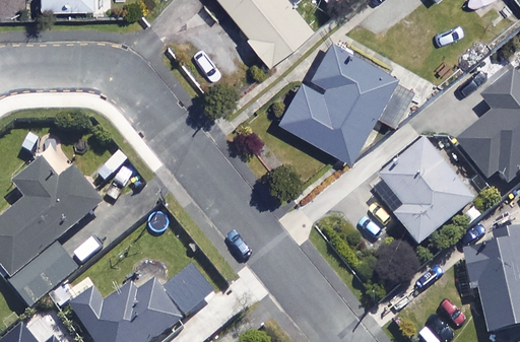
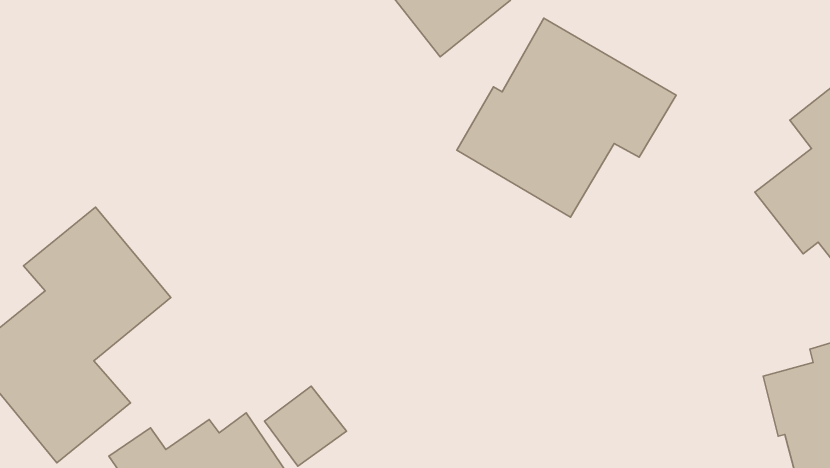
building: [381,138,478,247] -> none

